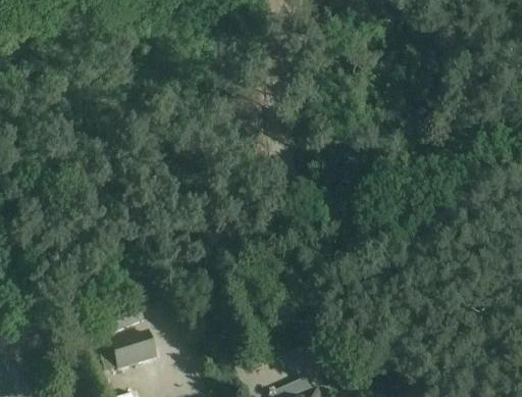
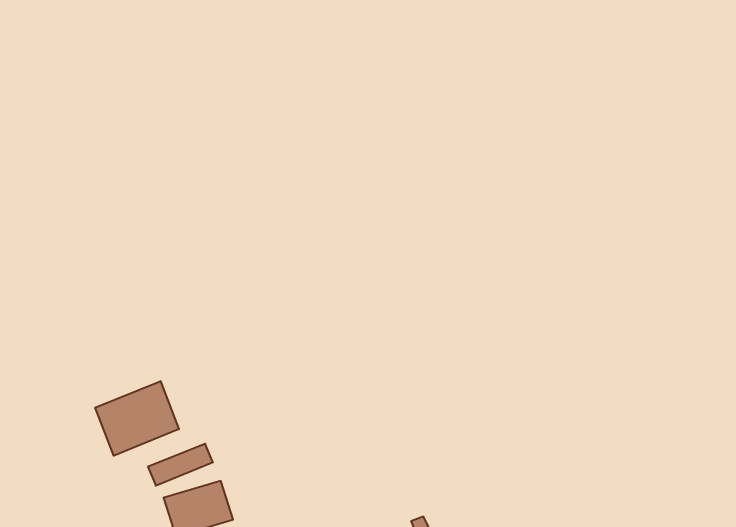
building: none -> [95,381,179,456]

